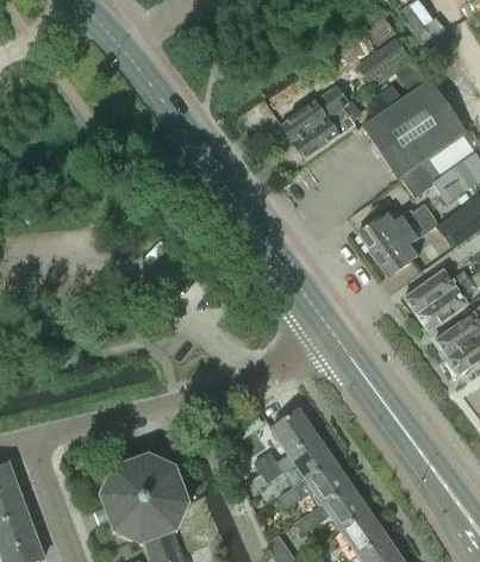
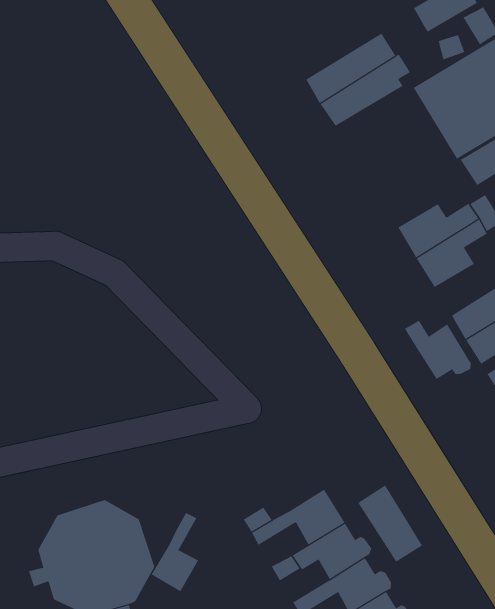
building: none -> [404,320,471,380]
building: [272,408,316,454] -> none
building: none -> [358,485,423,563]
building: none -> [151,512,199,592]

